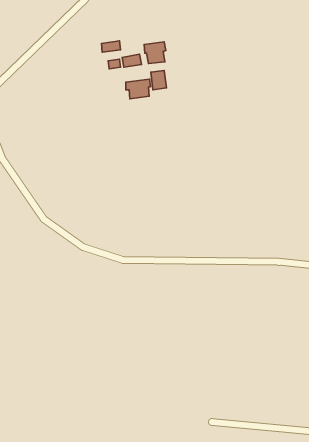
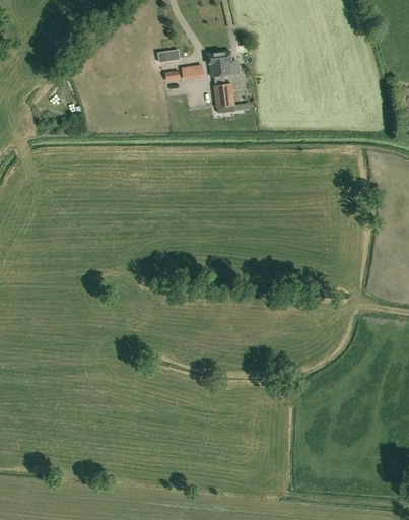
building: [126,79,151,99] -> none

